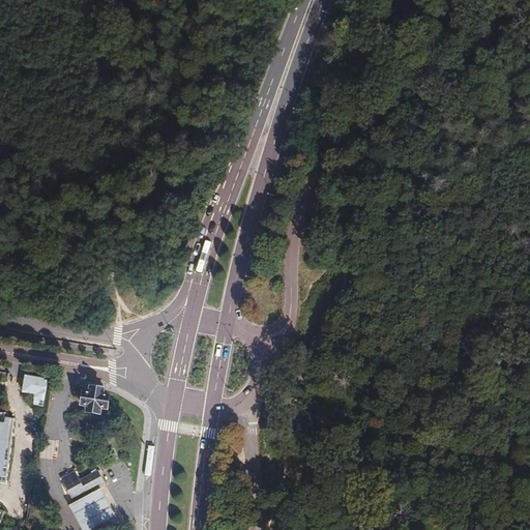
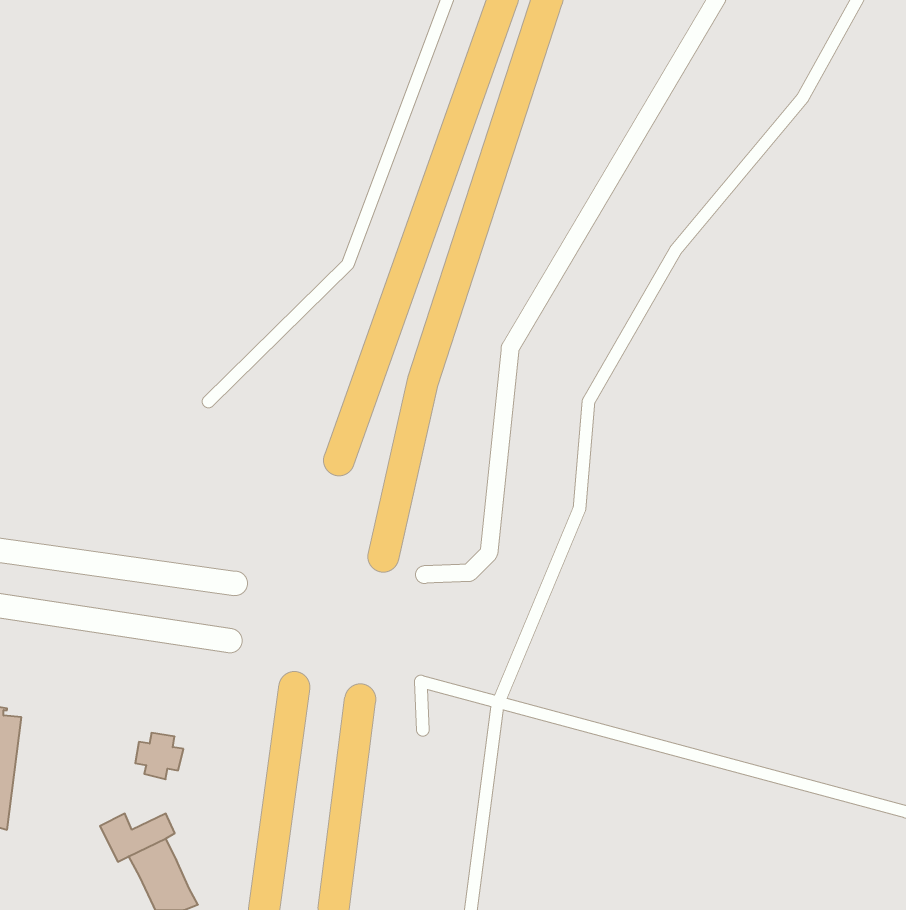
building: [21,374,46,403] -> none
building: [77,387,105,414] -> [135,733,183,779]

